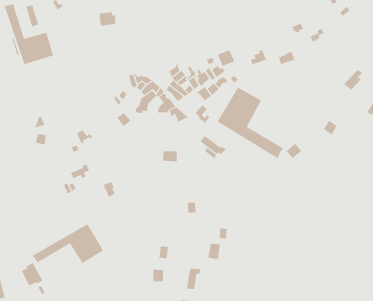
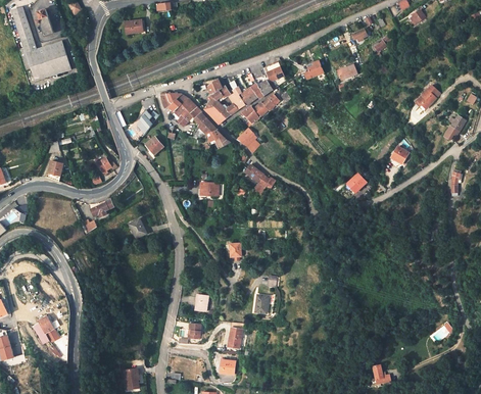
building: [217,87,284,159] -> none
building: [32,224,104,264] -> none

